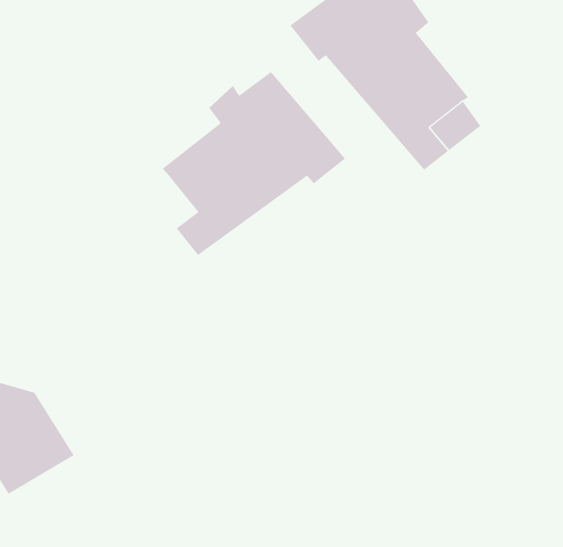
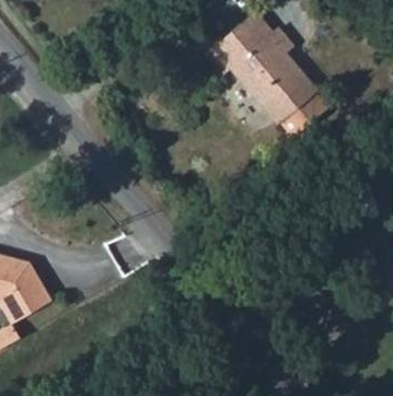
building: [162,71,346,256] -> none

